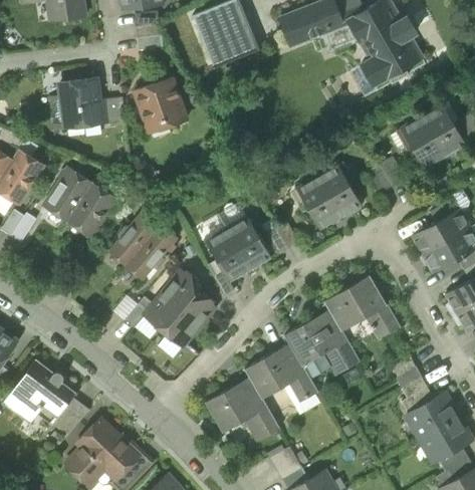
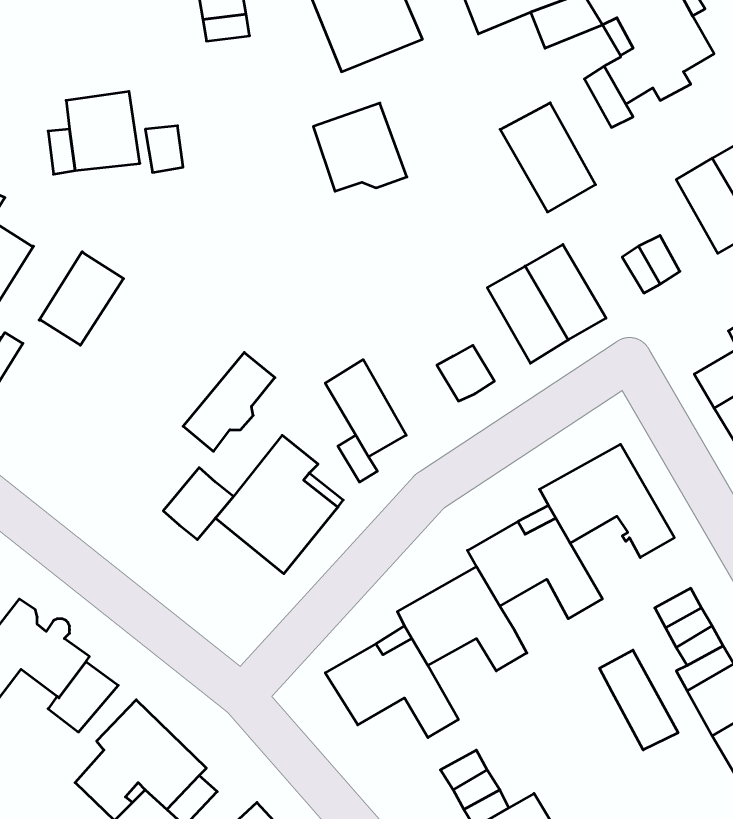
building: [135,78,187,128] -> [313,103,407,191]
building: none -> [500,103,596,212]
building: [68,183,115,235] -> none
building: [109,210,160,265] -> none
building: [226,216,271,270] -> none
building: [302,350,340,379] -> none
building: none -> [600,650,678,750]

